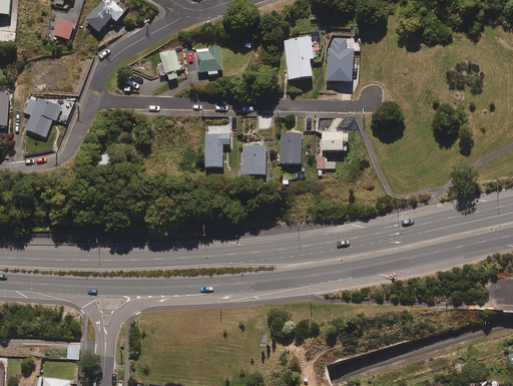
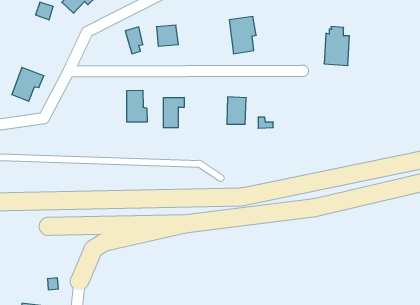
building: [324,37,354,83] -> [324,27,350,65]
building: none -> [127,90,147,122]
building: [320,131,348,151] -> none
building: [241,145,266,174] -> none

